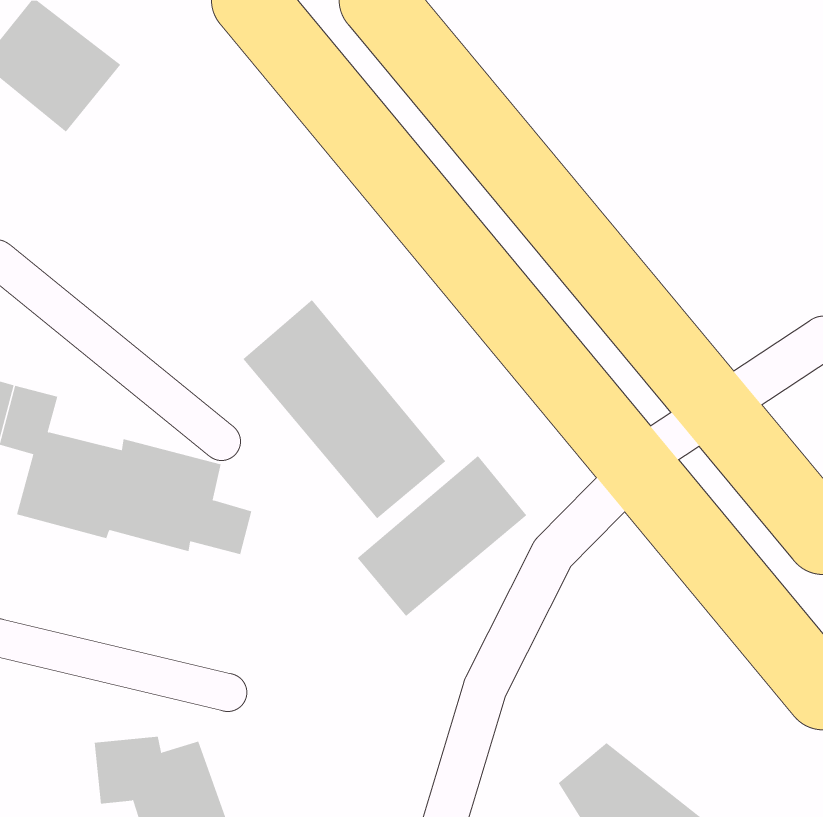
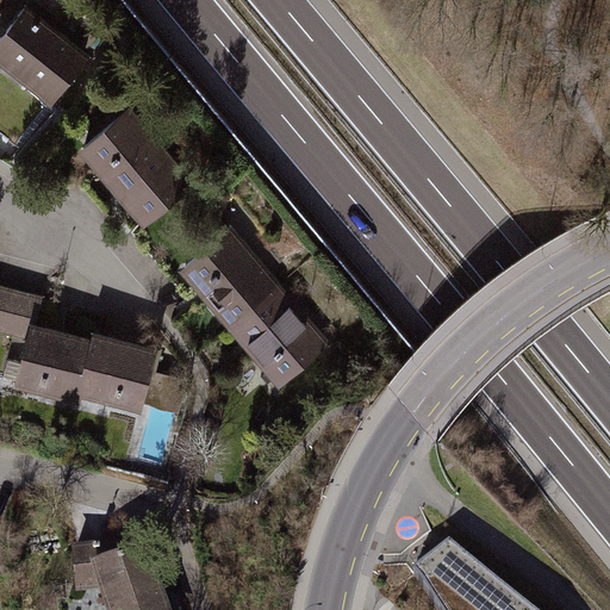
building: none -> [77,107,194,229]
building: [357,455,527,617] -> none

